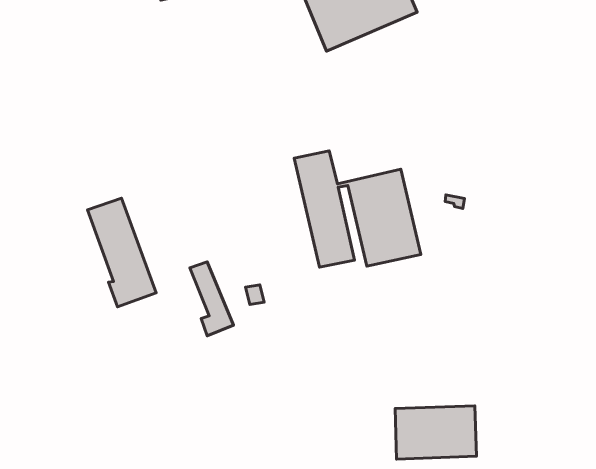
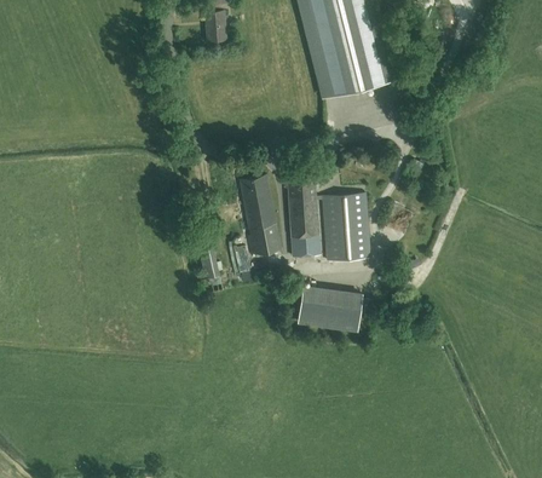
building: [87,198,156,307] -> [238,175,279,255]
building: [395,406,476,459] -> [298,292,362,336]

